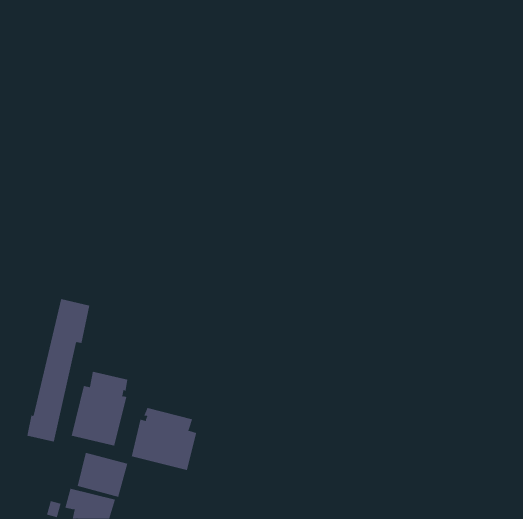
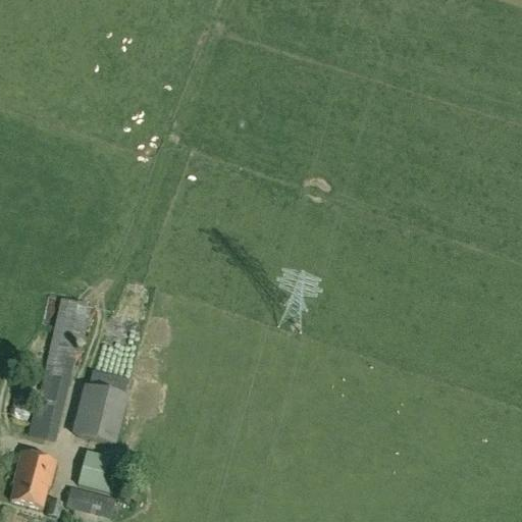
building: [131,407,197,471] -> none
building: none -> [11,453,57,509]

